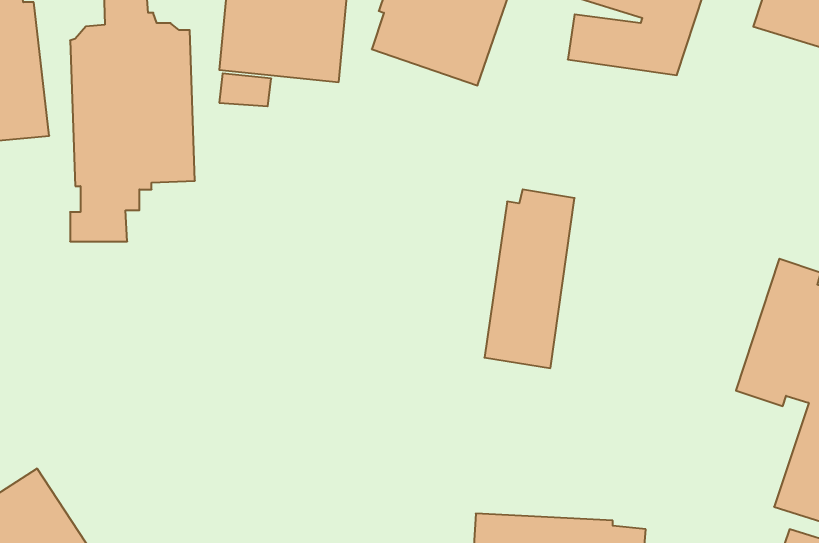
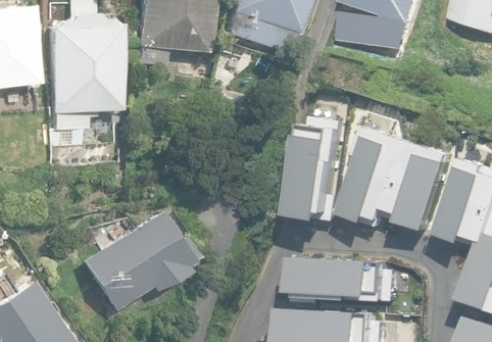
building: none -> [344,130,454,233]
building: none -> [81,212,193,311]
building: none -> [298,257,400,299]

